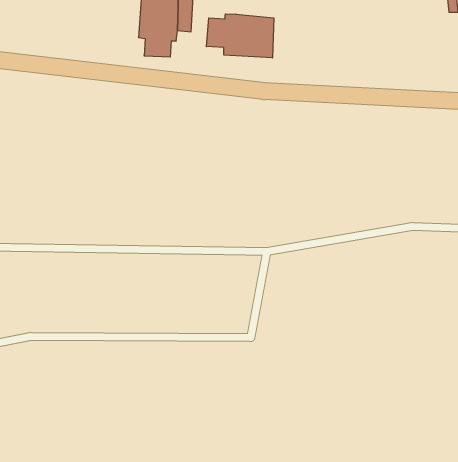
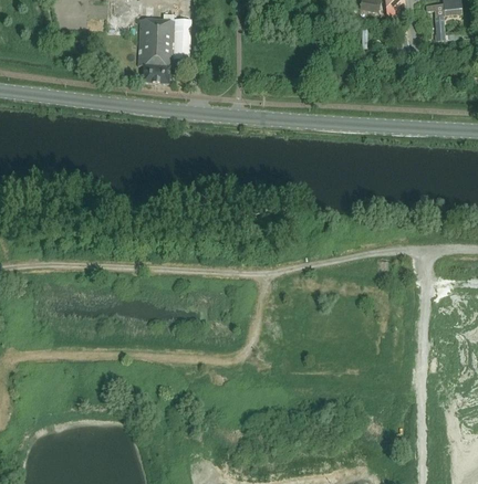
building: [206,14,274,58] -> none

